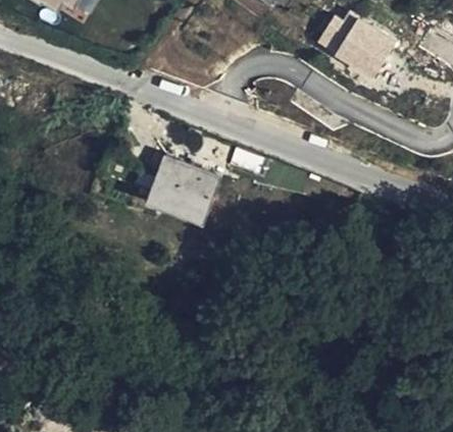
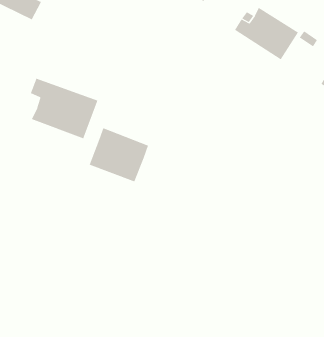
building: none -> [30,78,98,139]

